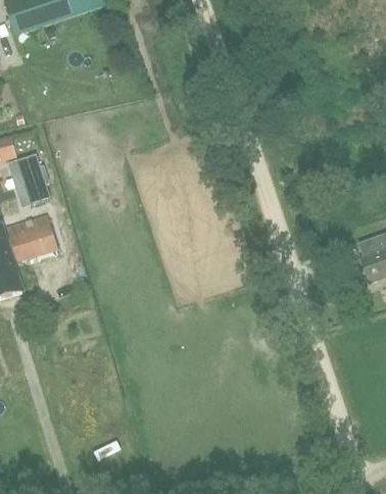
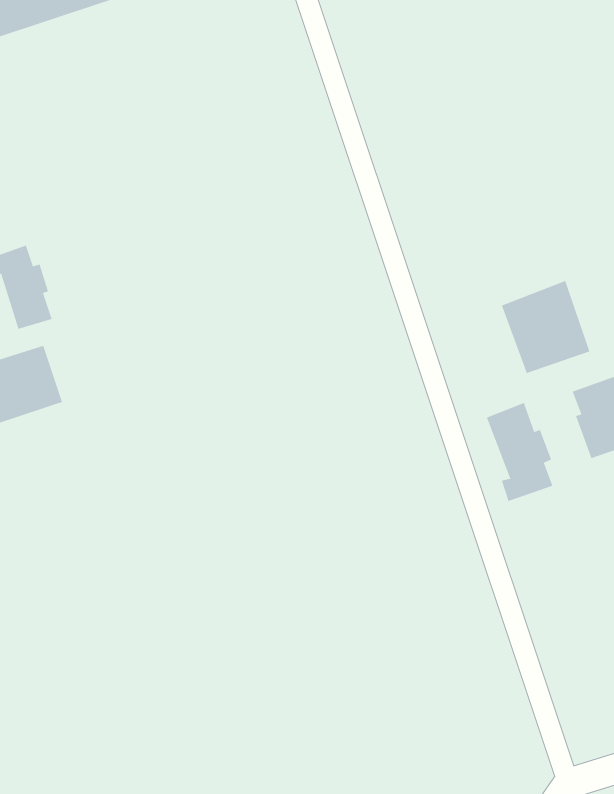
building: none -> [501,280,590,374]
building: none -> [486,402,553,502]

